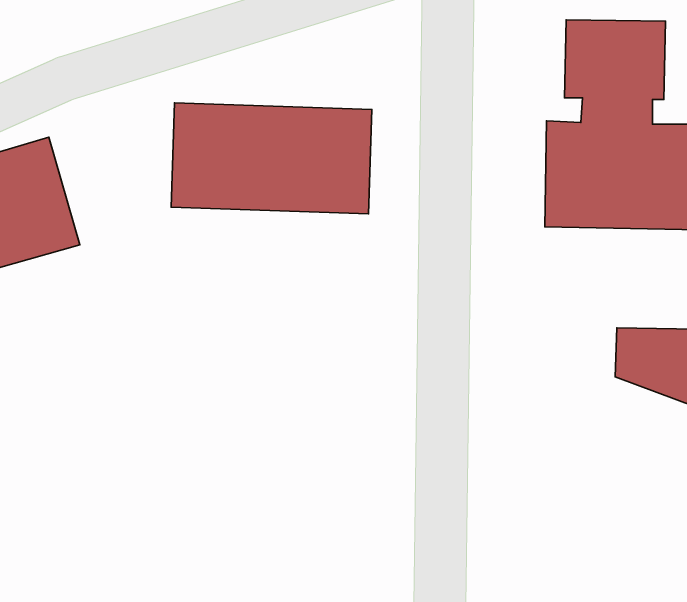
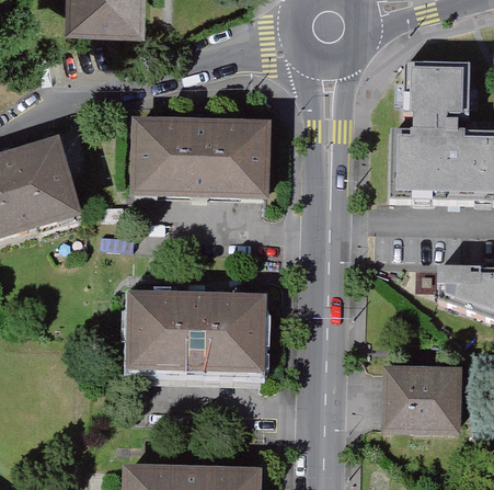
building: none -> [131,295,265,368]
building: none -> [391,369,462,431]

